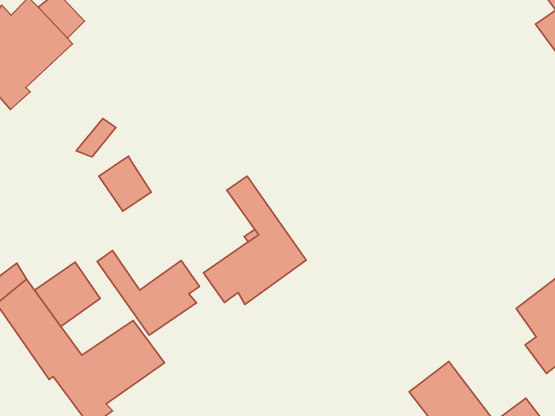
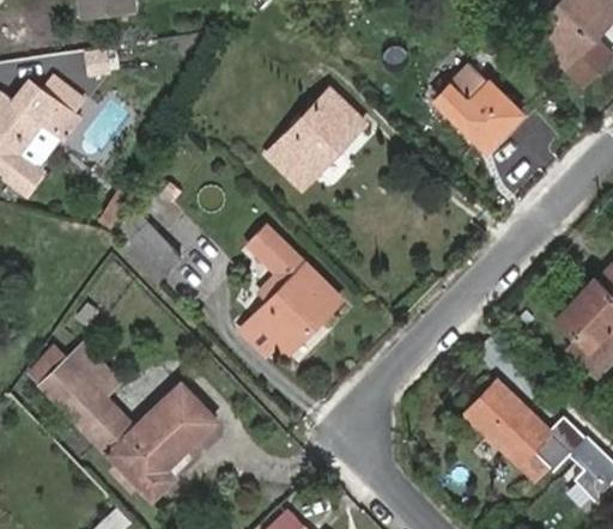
building: none -> [433,63,522,152]
building: none -> [268,91,365,189]
building: [97,251,200,335] -> none

